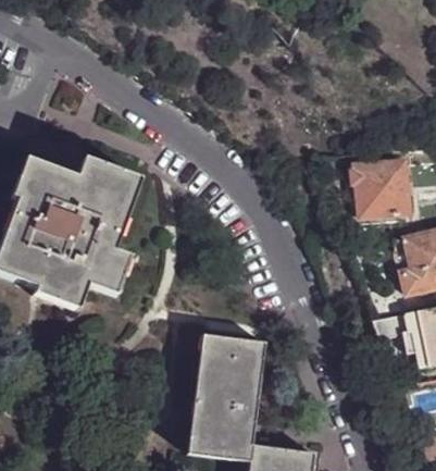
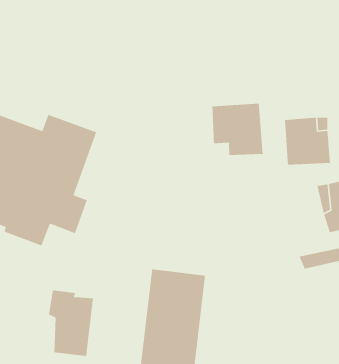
building: none -> [212,103,264,156]
building: none -> [48,290,94,357]

